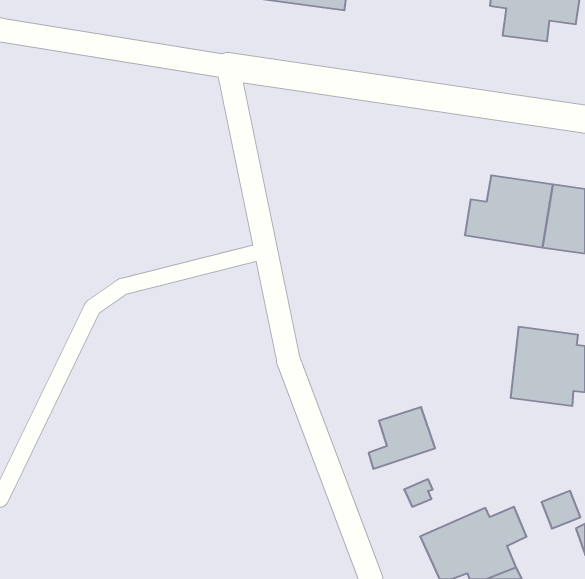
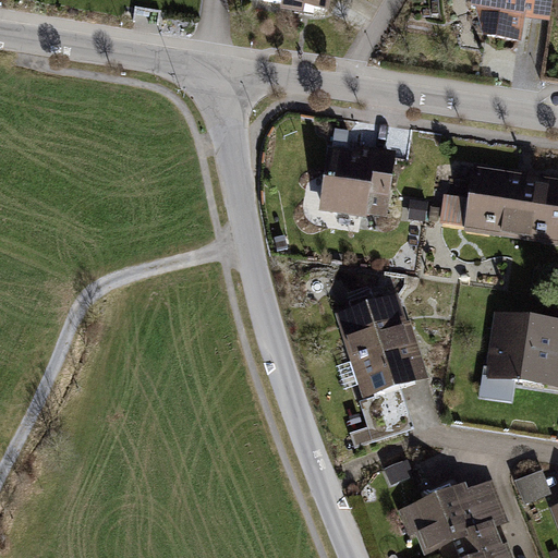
building: none -> [319,142,397,215]
building: none -> [333,289,429,396]

